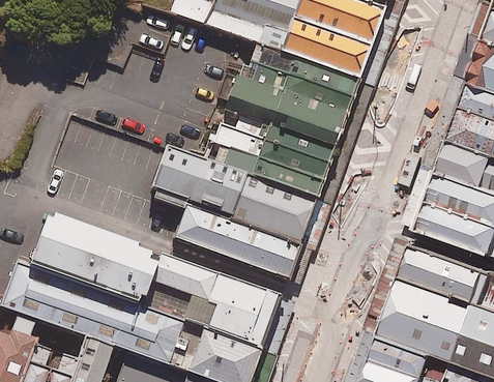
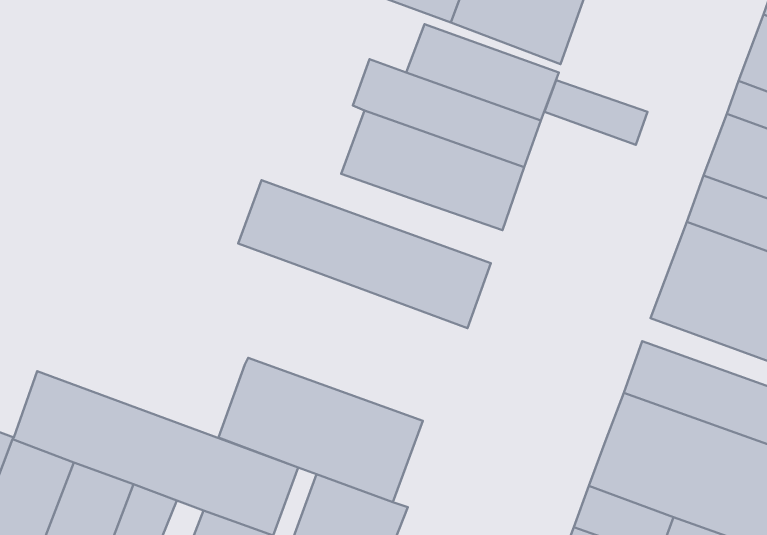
building: [258,155,322,196] -> [544,80,647,145]
building: [179,197,300,274] -> none
building: [32,217,162,304] -> none

